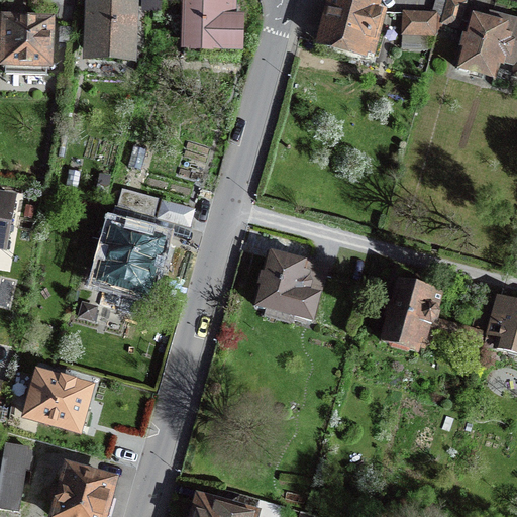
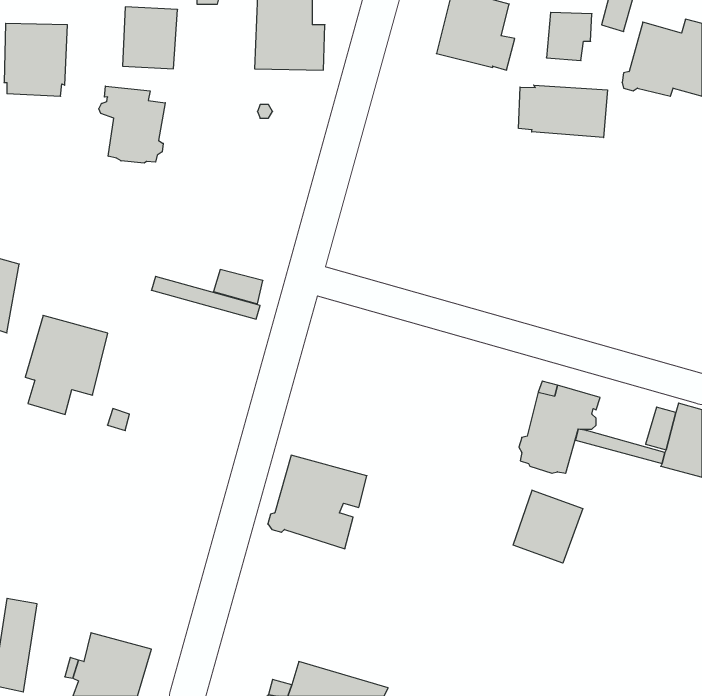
building: none -> [519,85,607,138]
building: none -> [99,86,165,163]
building: [103,229,164,302] -> [25,315,108,414]
building: [253,247,326,316] -> [268,455,367,549]
building: none -> [513,490,583,563]
building: [26,372,89,426] -> none

